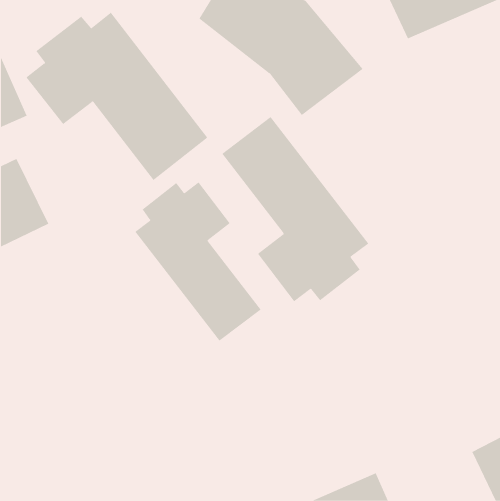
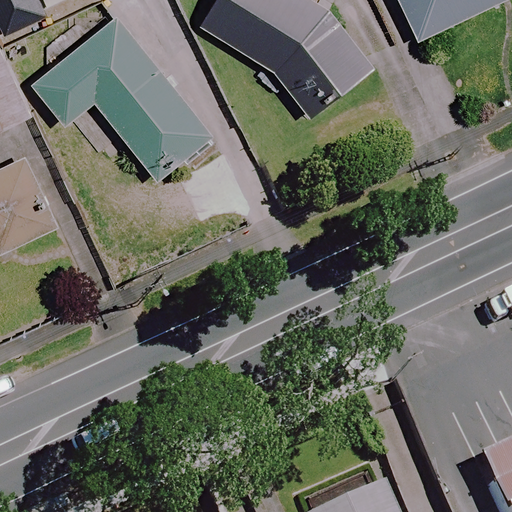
building: [221,116,369,302] -> none
building: [134,182,262,342] -> none

